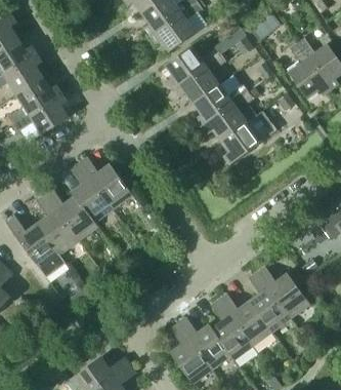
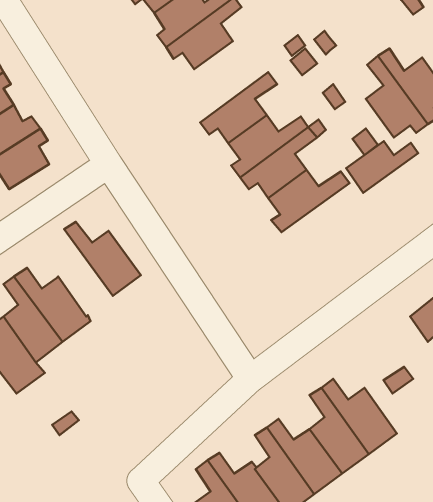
building: [164,45,219,88] -> none
building: none -> [346,141,418,193]
building: [70,162,112,223] -> none

